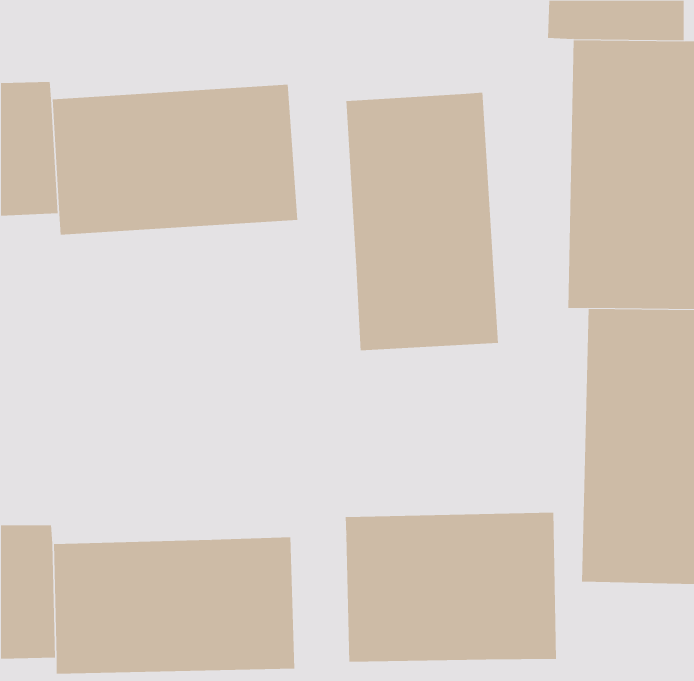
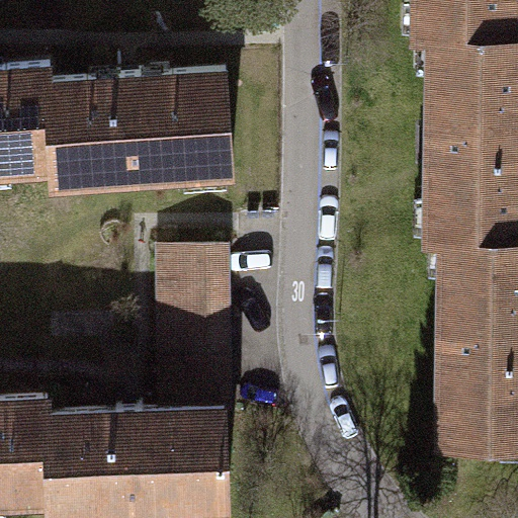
building: [346,92,499,351] -> none
building: none -> [154,251,218,412]
building: [345,512,556,663] -> none

